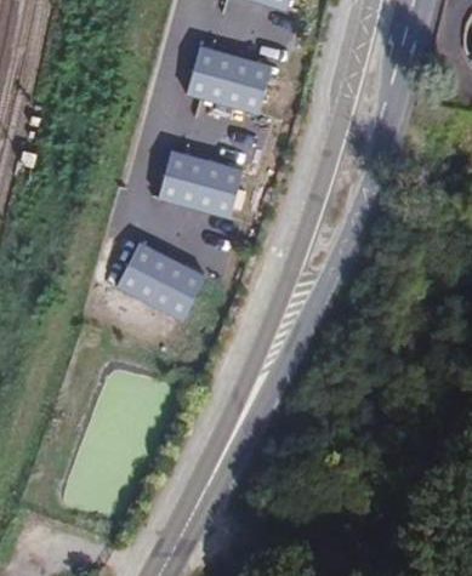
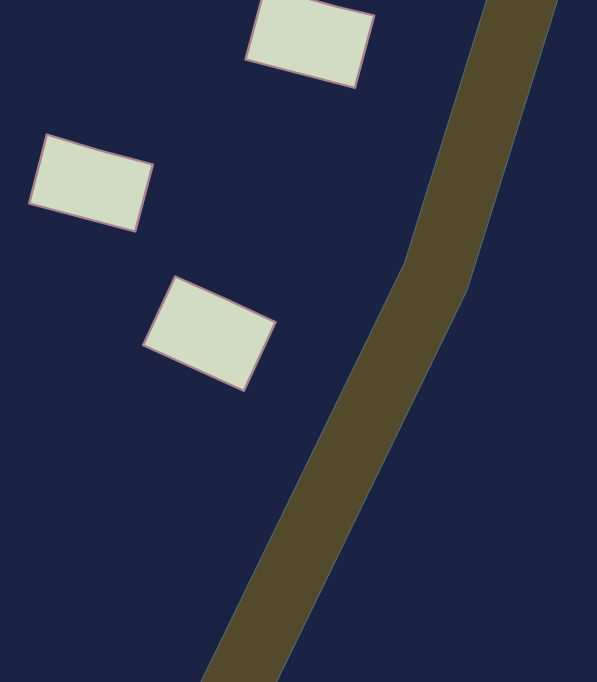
building: [159,149,244,216] -> [29,135,153,232]

